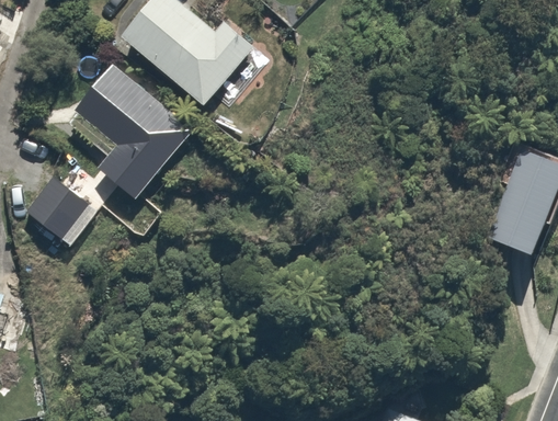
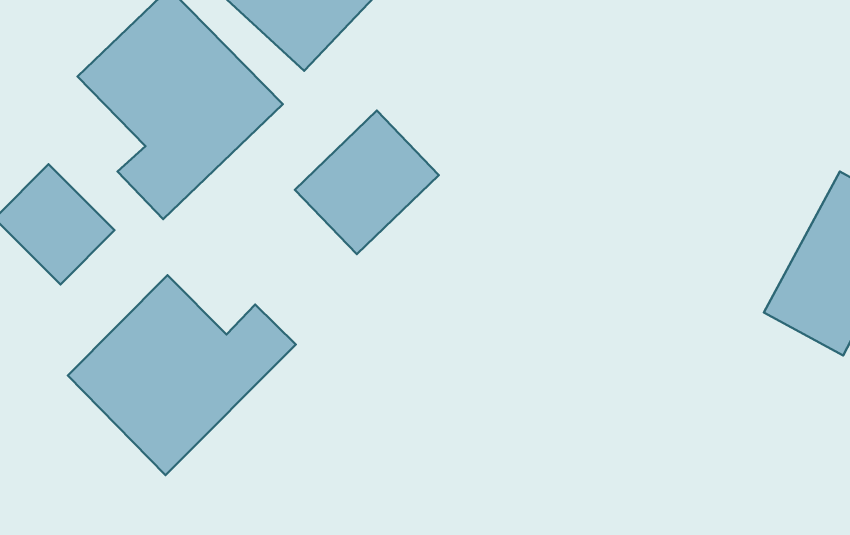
building: none -> [295,111,439,254]
building: none -> [68,275,296,475]

